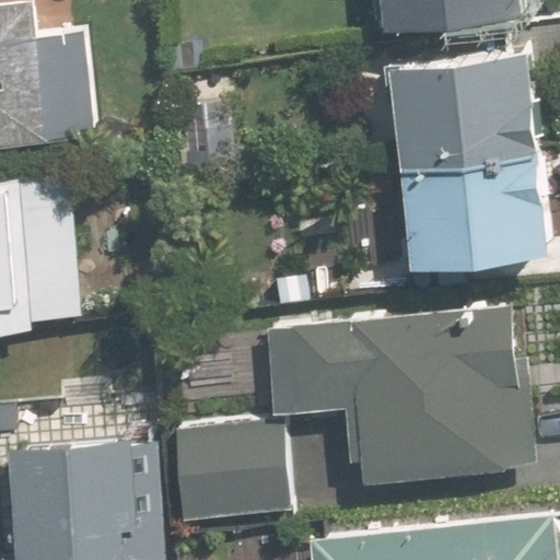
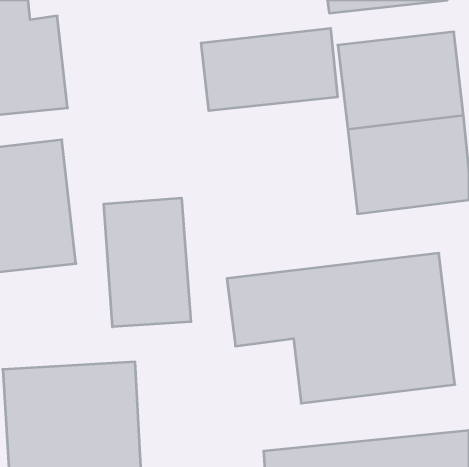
building: none -> [201,28,337,111]
building: none -> [104,198,191,327]
building: [173,427,279,520] -> none

